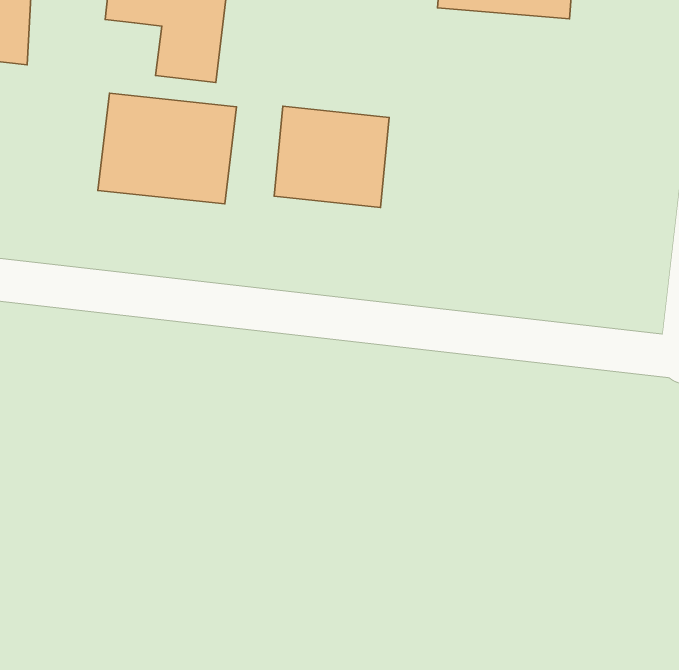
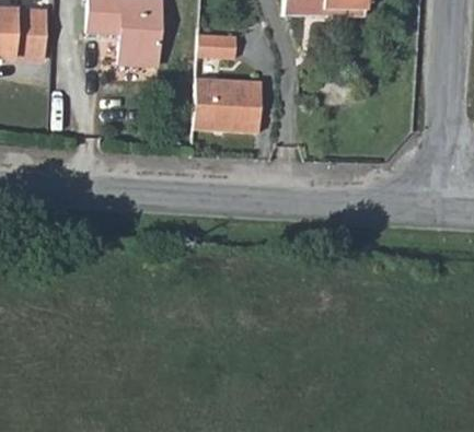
building: none -> [197,34,238,60]
building: [98,93,236,204] -> none

